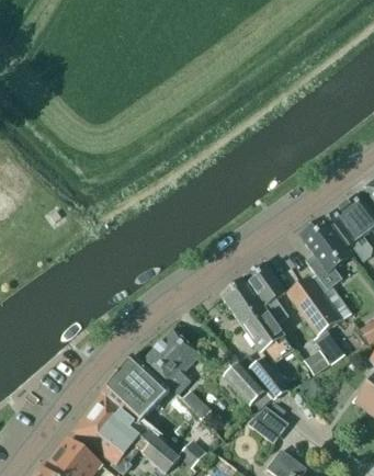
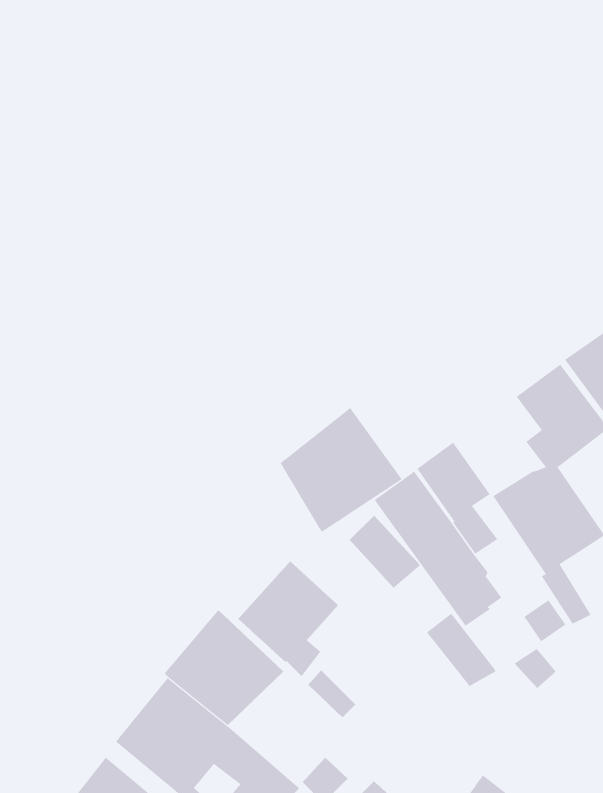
building: none -> [280,407,403,532]
building: [225,362,265,404] -> [349,515,421,589]
building: [248,407,288,443] -> none

